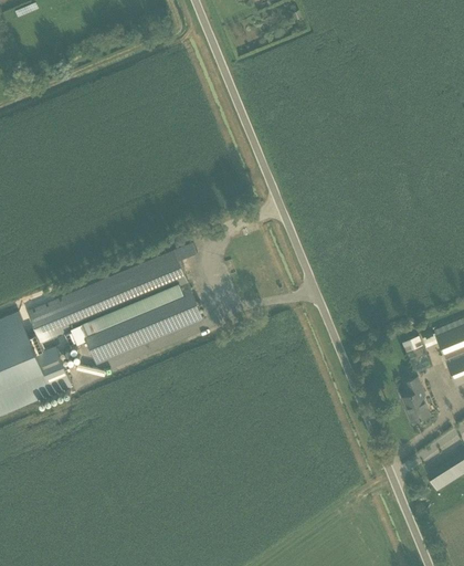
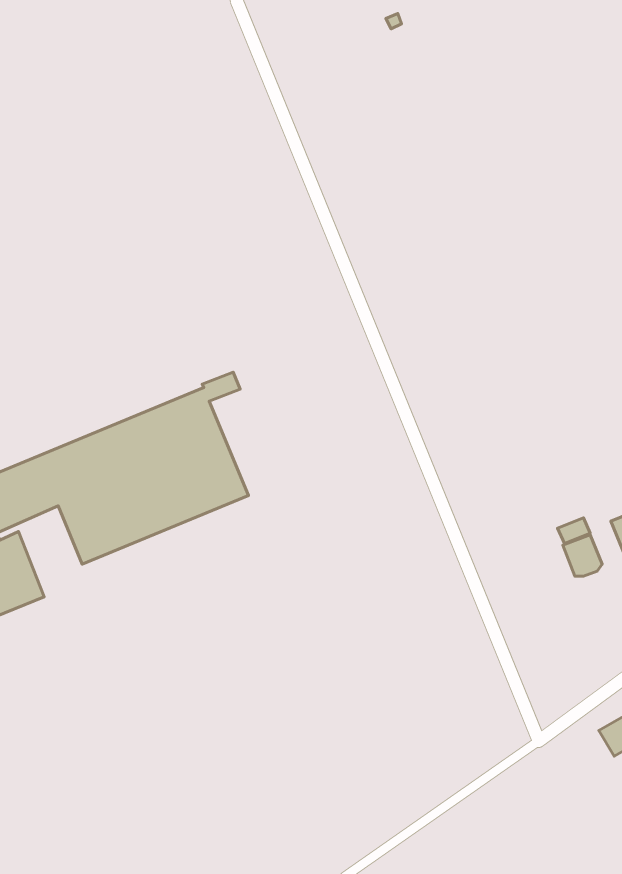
building: [400,376,428,421] -> none

